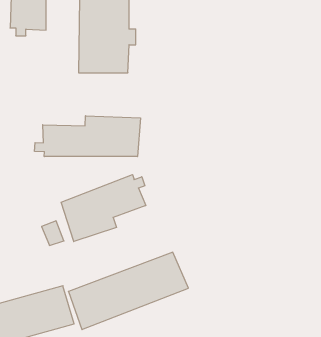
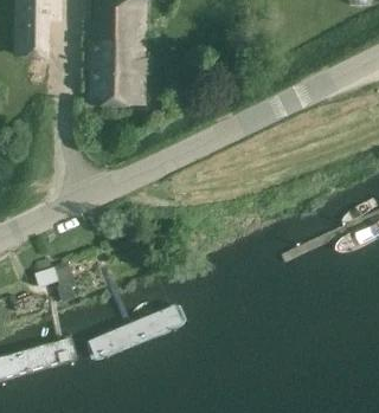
building: [35,116,140,157] -> none
building: [61,175,146,242] -> none

